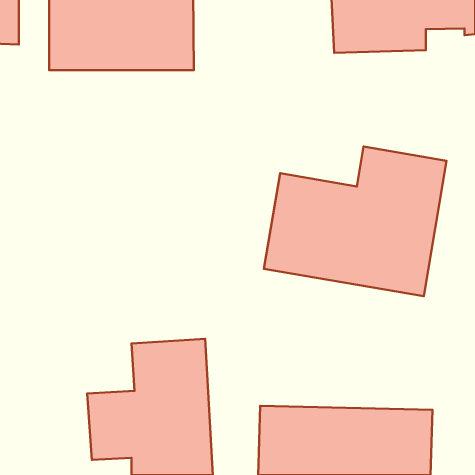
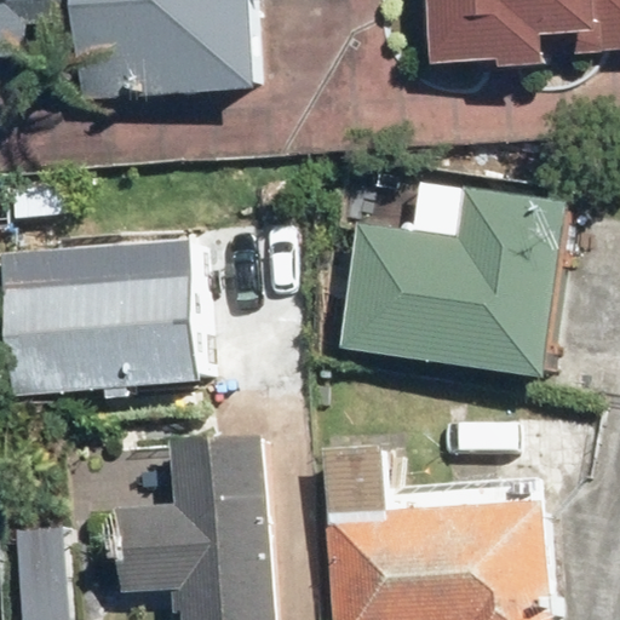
building: none -> [10,253,202,386]

